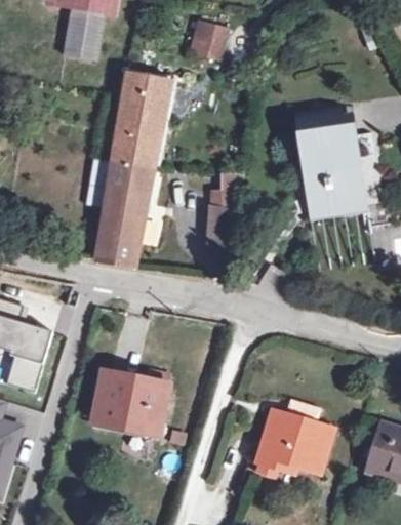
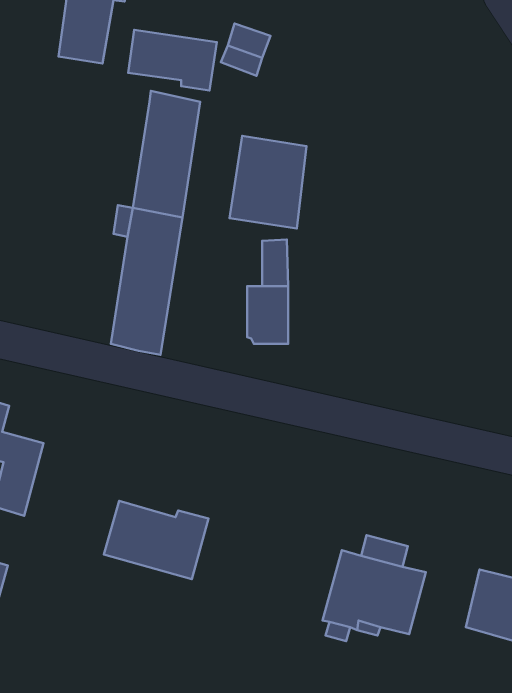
building: none -> [128,30,217,90]
building: none -> [229,136,306,229]
building: [302,124,371,220] -> none

